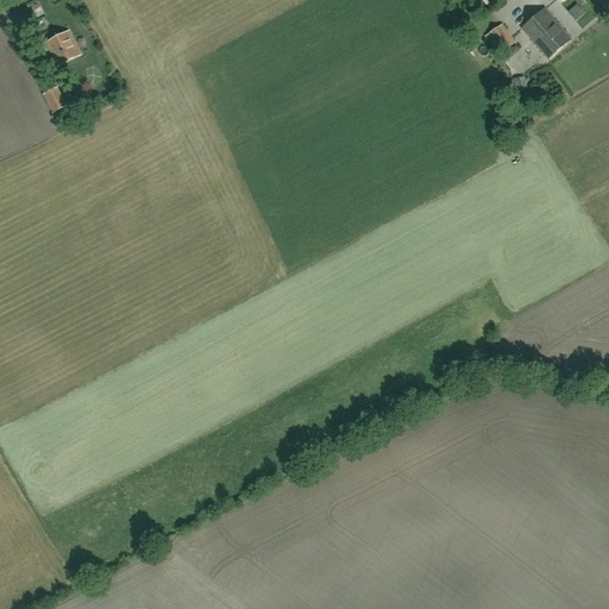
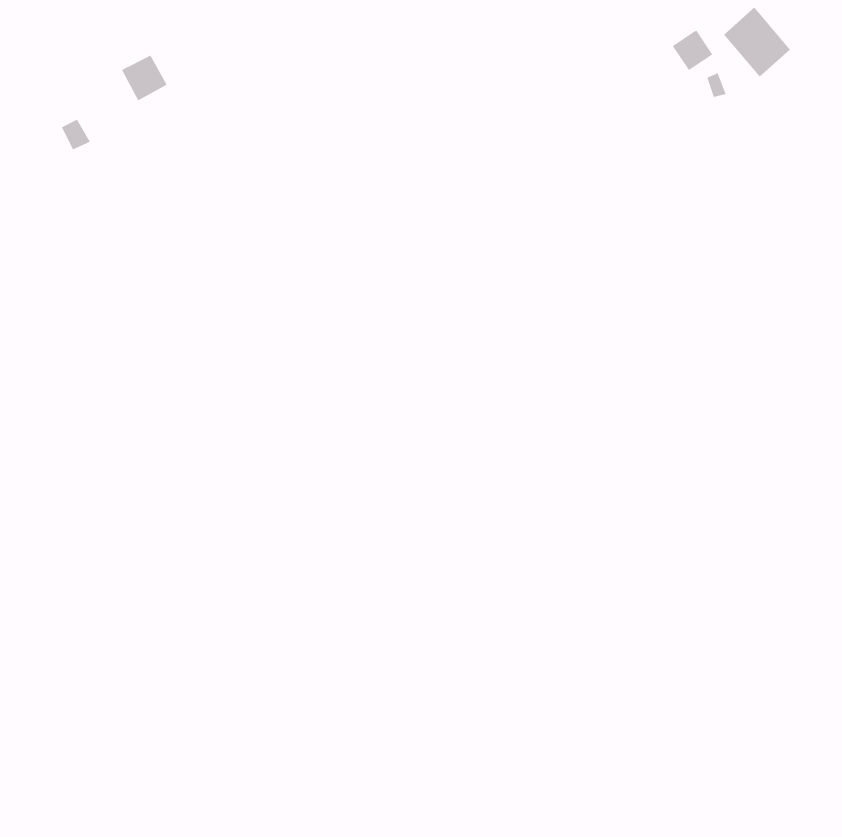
building: [45,30,79,63] -> [121,55,168,101]

